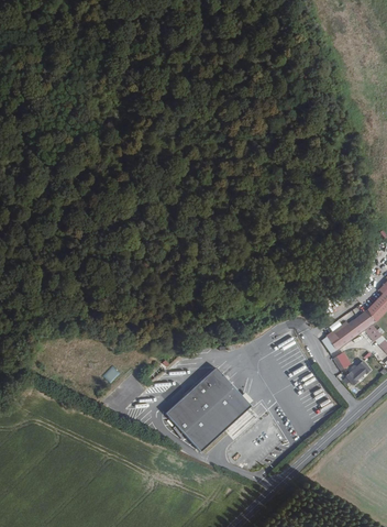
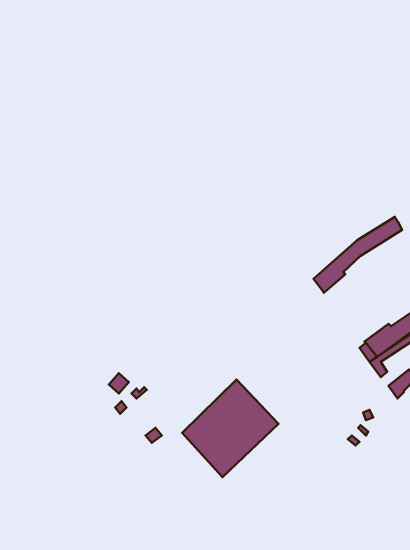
building: none -> [313,217,402,293]

